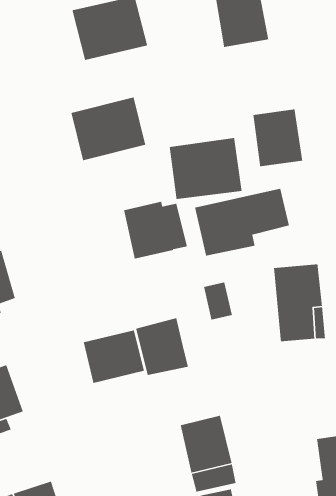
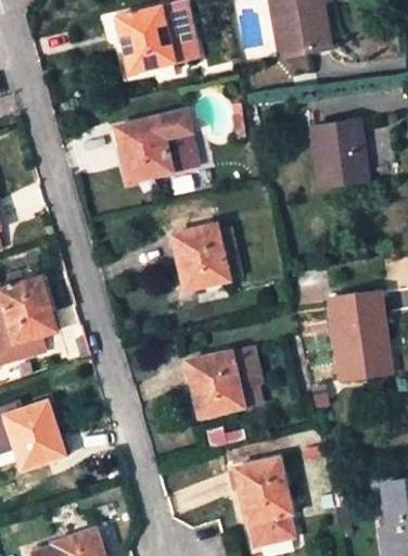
building: [169,137,242,200] -> none
building: [194,188,290,256] -> none
building: [203,282,233,320] -> [230,346,263,389]
building: [83,329,145,384] -> none

